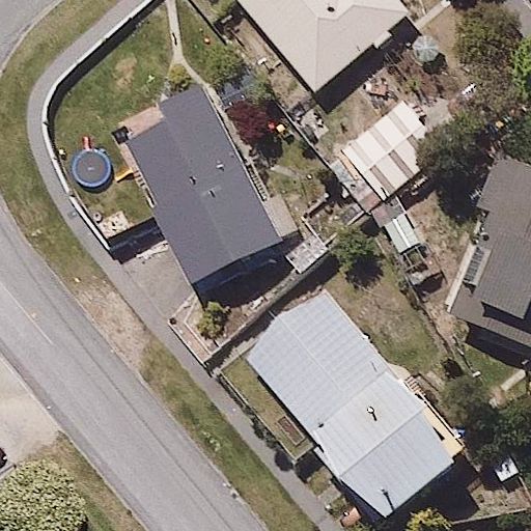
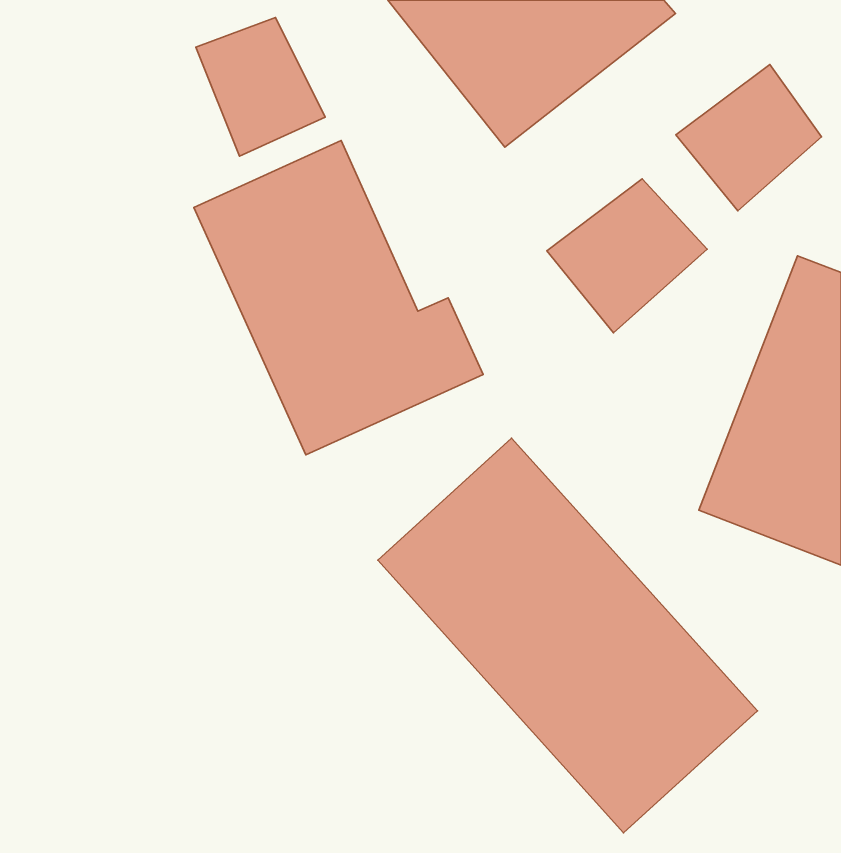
building: none -> [196,17,325,156]
building: none -> [676,65,821,211]

